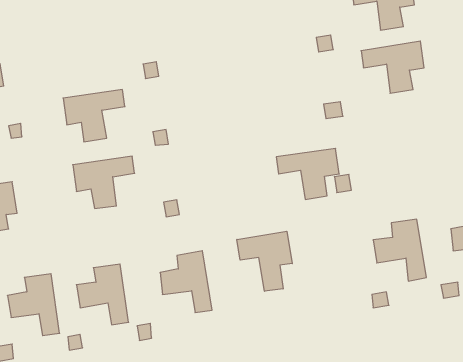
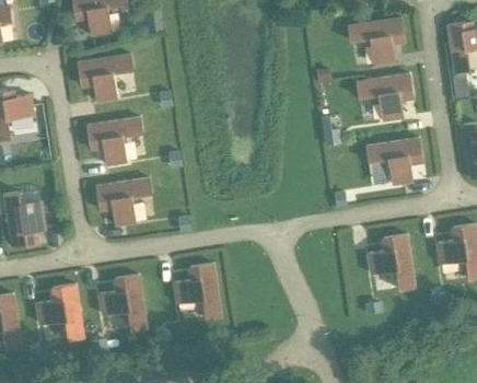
building: none -> [78,55,133,102]
building: [276,148,339,199] -> [367,139,423,185]
building: [237,231,292,291] -> none

